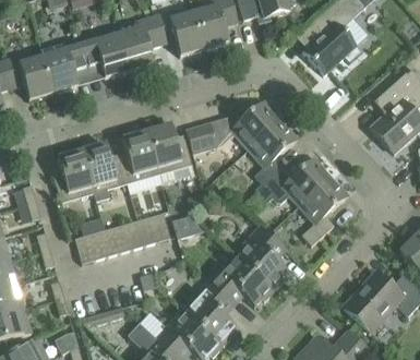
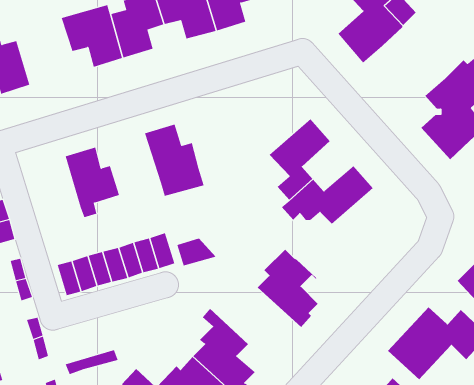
building: [41,38,86,93] -> none
building: [185,101,280,155] -> none
building: [118,132,158,182] -> none
building: [53,151,93,203] -> none
building: [298,177,348,245] -> none
building: [199,257,273,307] -> none

